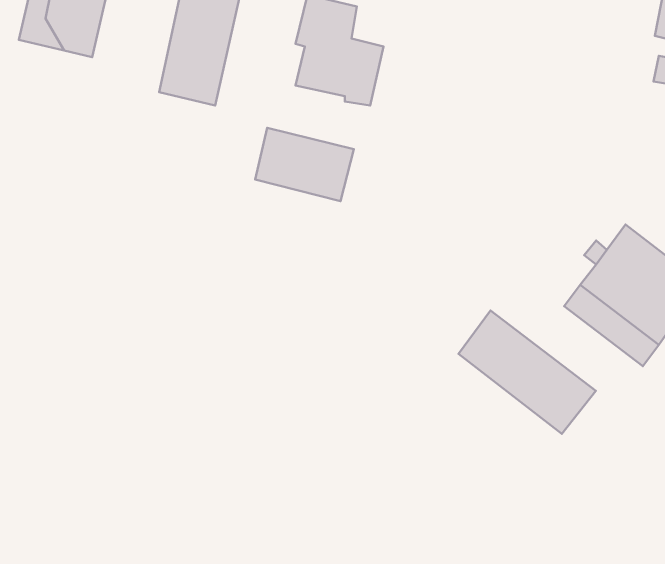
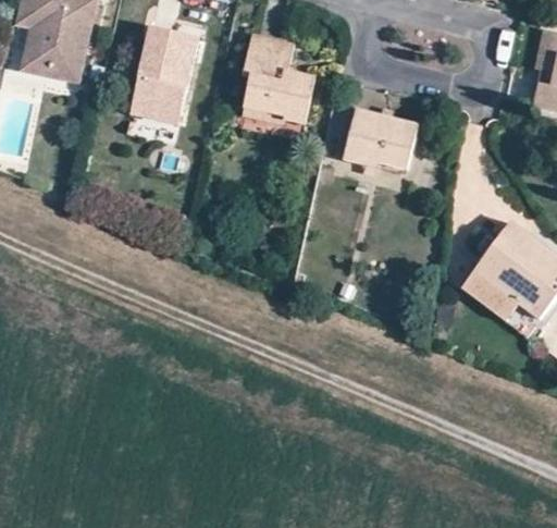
building: none -> [344,109,418,168]
building: [255,128,354,201] -> none
building: [459,310,596,434] -> none

